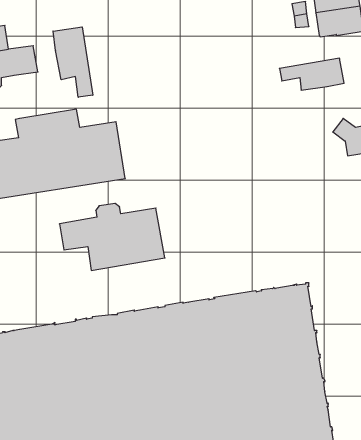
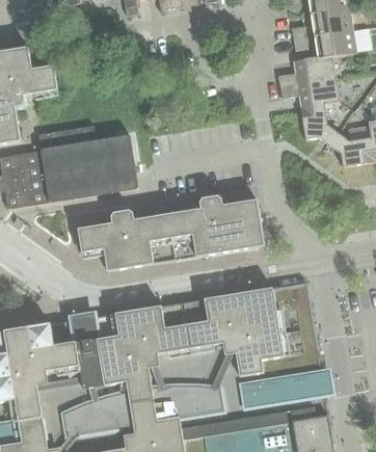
building: [53,27,93,97] -> none
building: none -> [277,54,334,85]
building: none -> [299,102,338,143]
building: none -> [166,194,265,259]

